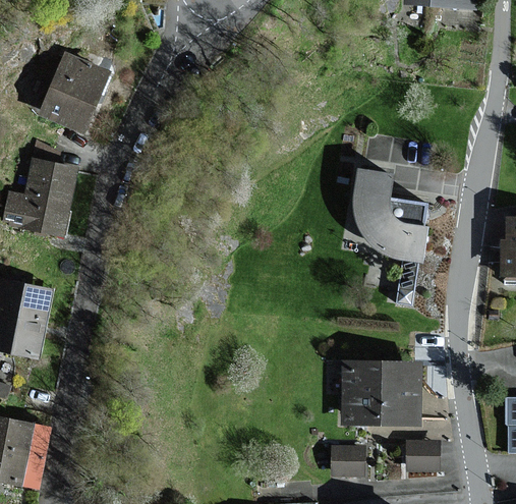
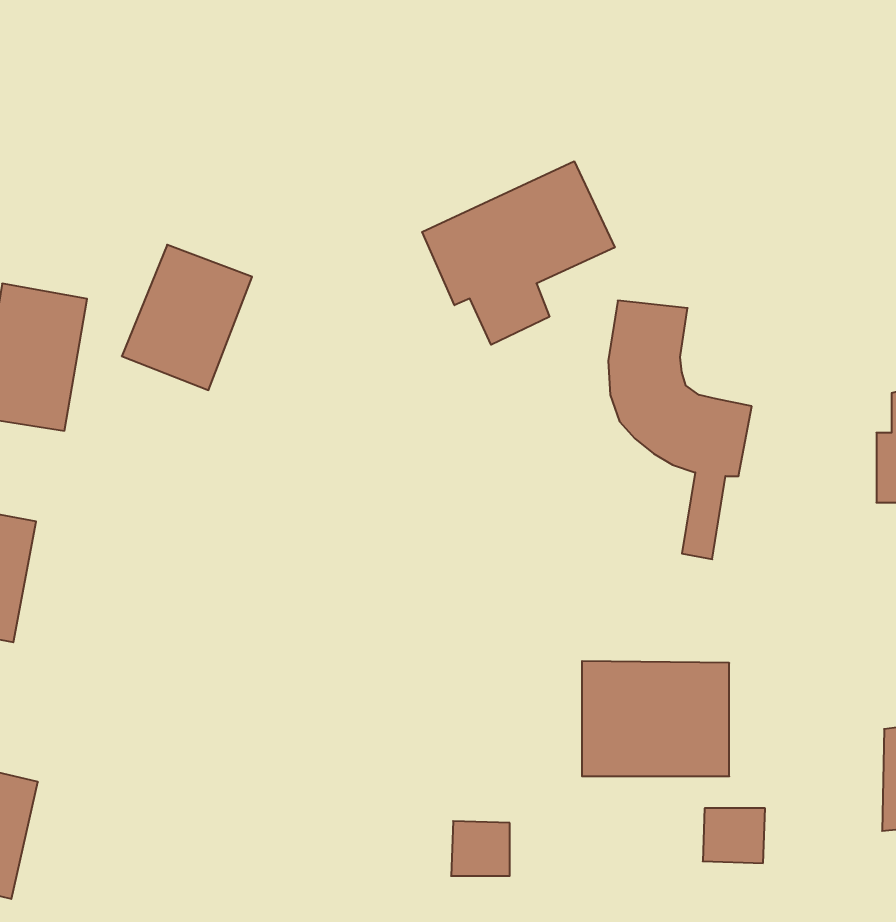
building: [37,53,107,131] -> [122,245,252,390]
building: none -> [422,161,615,345]
building: [334,447,365,477] -> [451,821,510,876]

